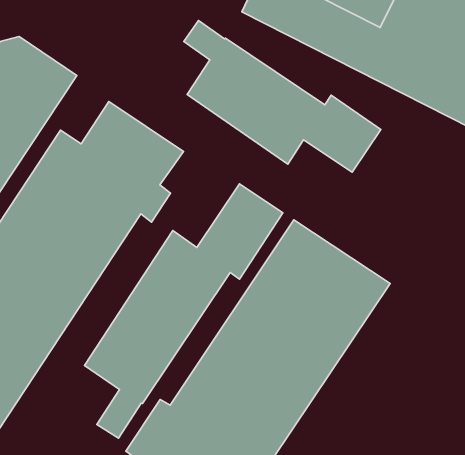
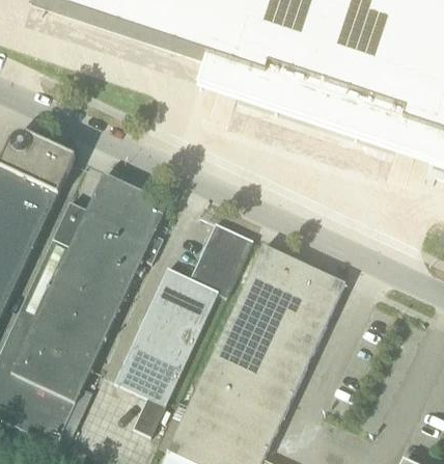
building: [184,21,381,172] -> none

